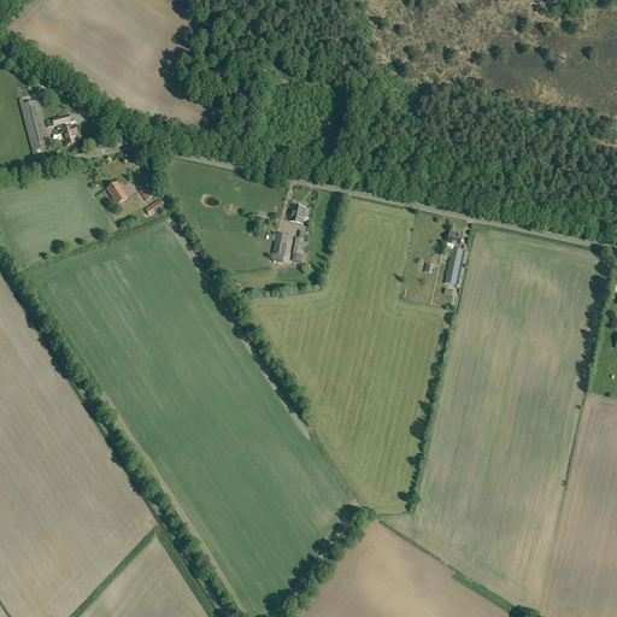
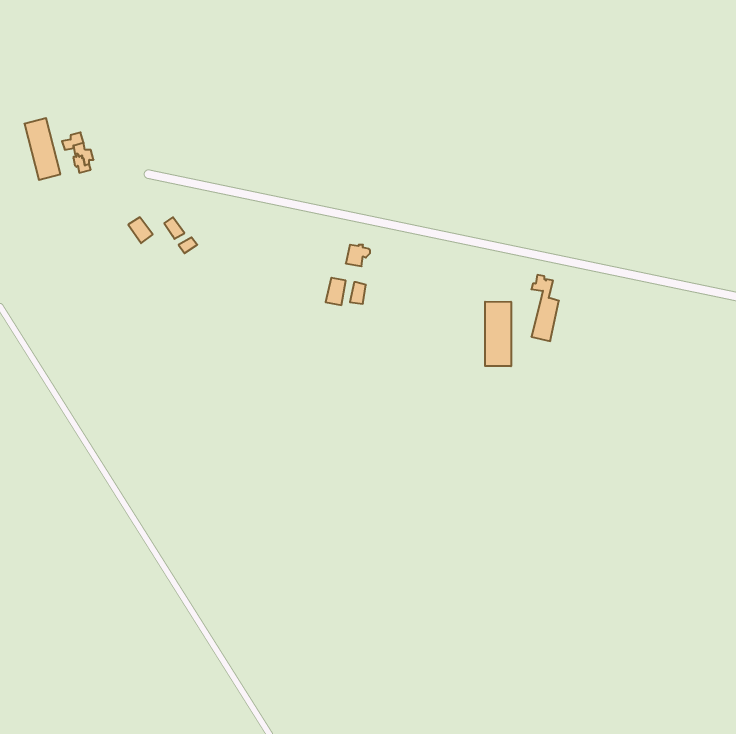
building: none -> [485,302,511,366]

